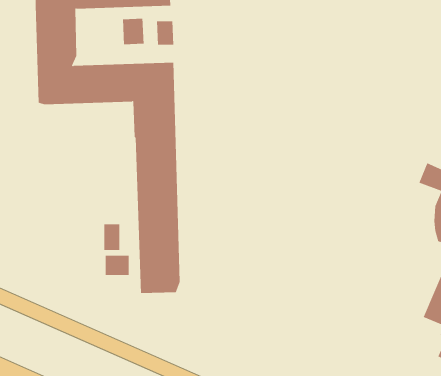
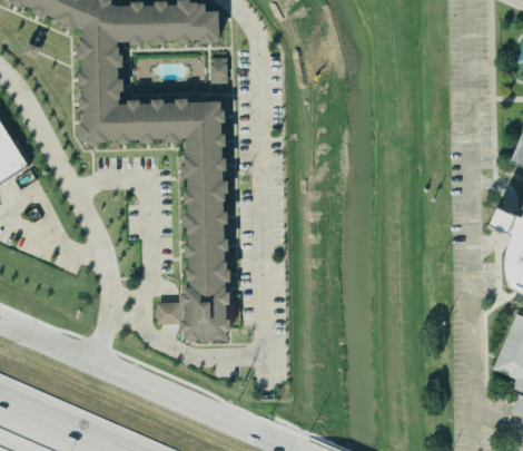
building: [122,18,144,45] -> none
building: [104,223,120,251] -> none

